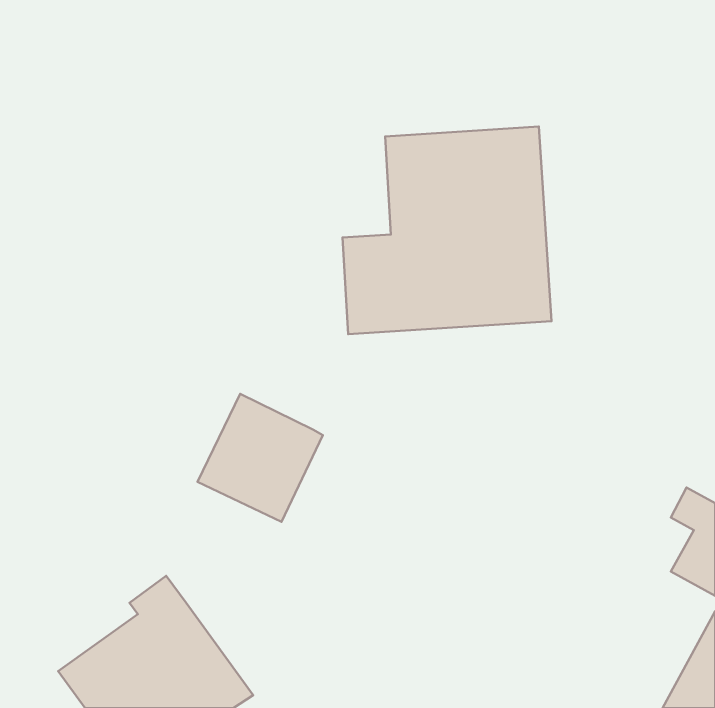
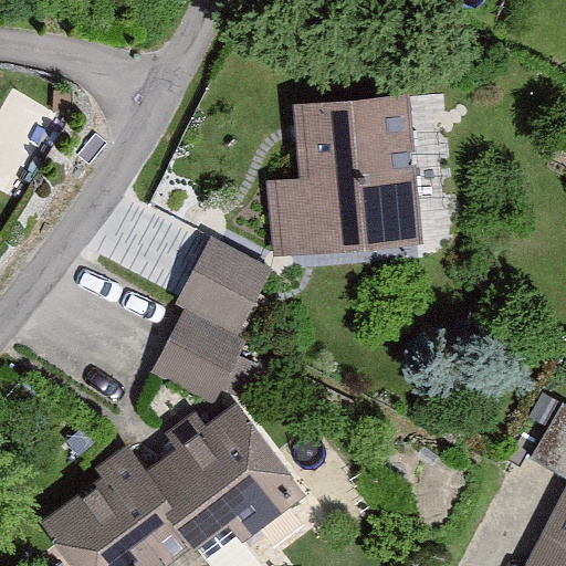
building: none -> [177,237,275,334]
building: none -> [145,407,305,546]

